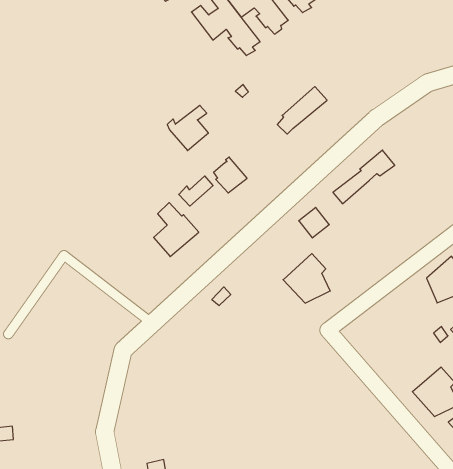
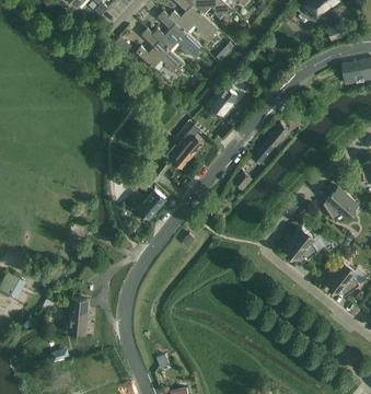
building: [167,105,208,151] -> [175,126,204,158]
building: [283,254,330,303] -> [285,229,317,263]
building: none -> [67,299,89,336]

